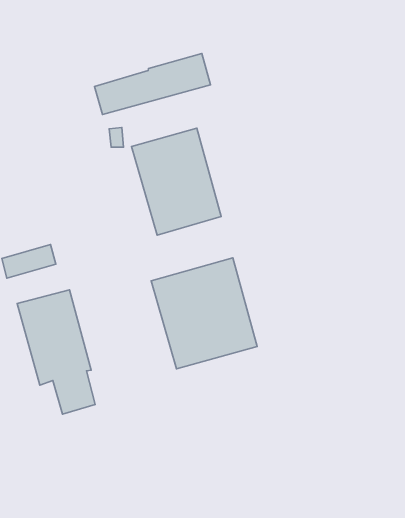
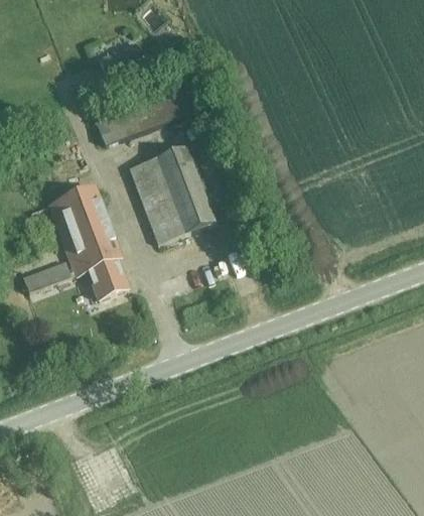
building: [151,258,257,369] -> none
building: [17,290,95,414] -> [50,188,127,299]

